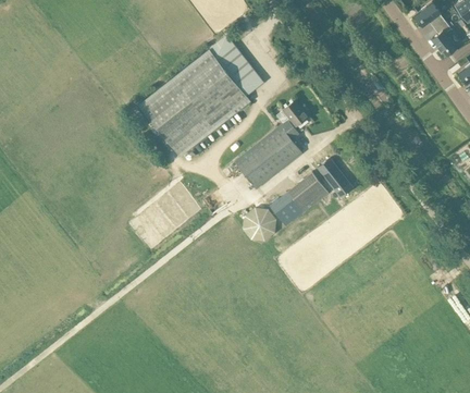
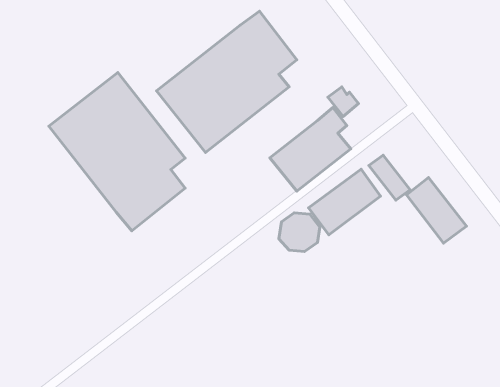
building: none -> [49,72,185,231]
building: none -> [407,177,466,243]

